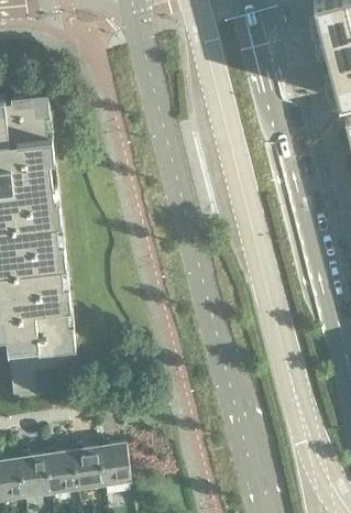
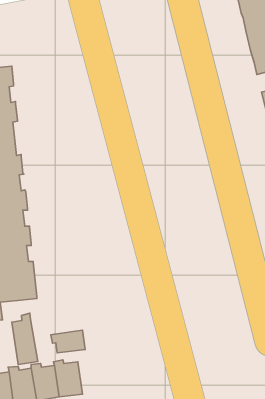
building: none -> [12,313,38,364]
building: none -> [51,330,85,353]

